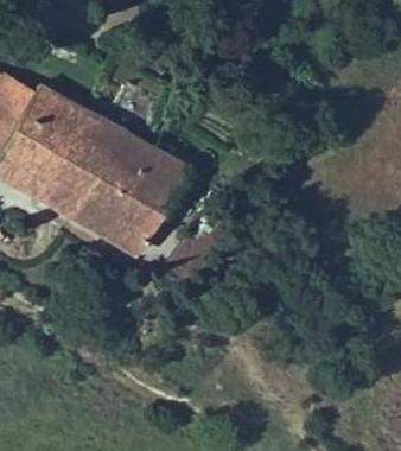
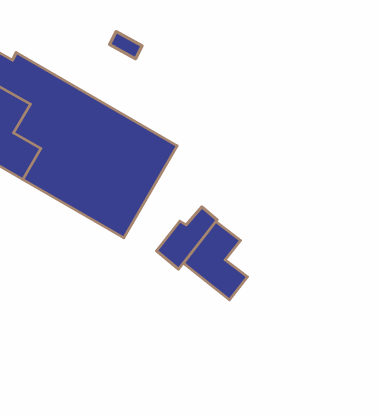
building: none -> [183,221,248,300]

